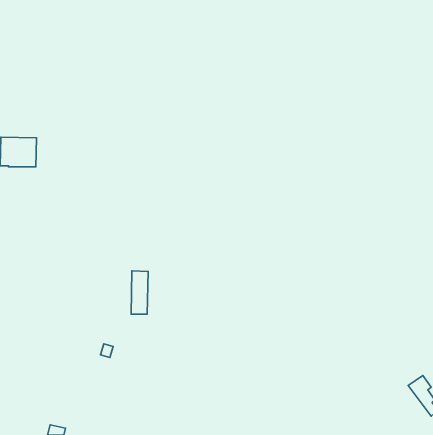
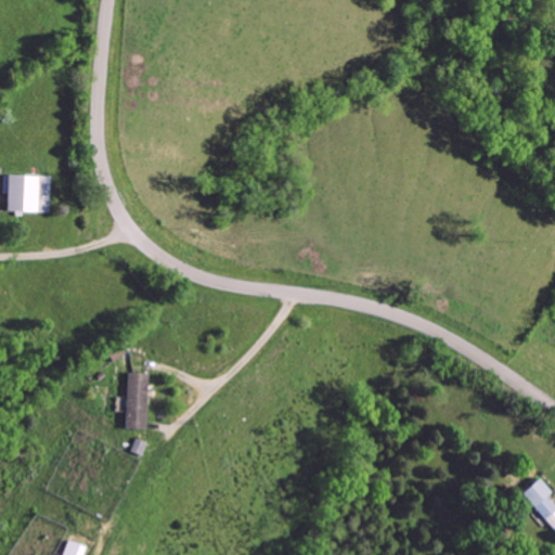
building: [131,271,148,314] -> [126,373,147,428]

